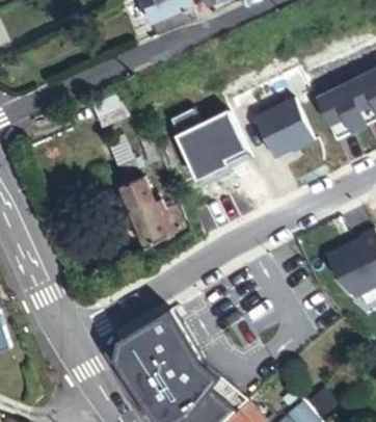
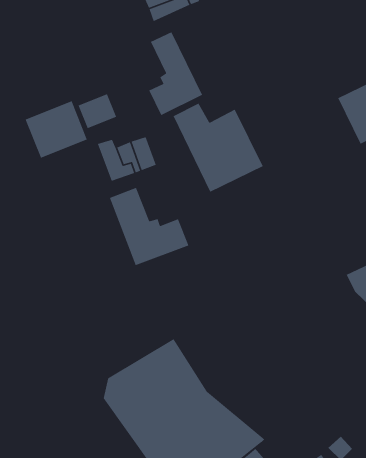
building: none -> [148,31,203,116]
building: [254,101,314,159] -> none
building: none -> [24,100,88,159]

